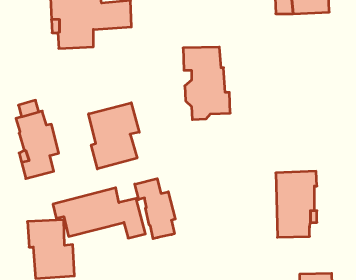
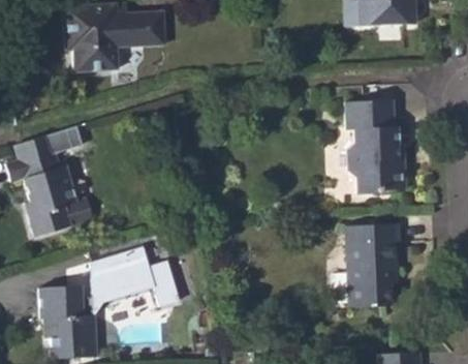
building: [183,47,230,120] -> [347,102,406,193]
building: [89,103,139,169] -> none
building: [135,179,175,239] -> none

